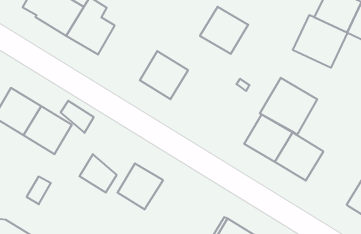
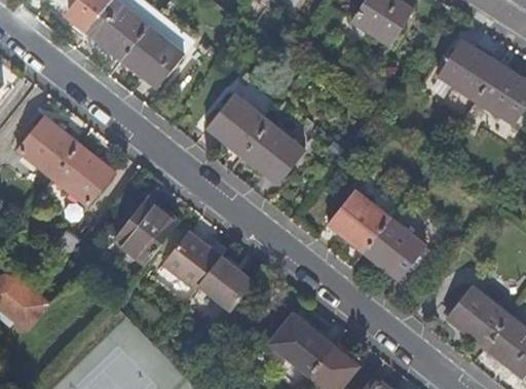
building: [200,7,248,54] -> [242,122,305,184]
building: [293,15,348,68] -> none
building: [260,78,317,134] -> none
building: [61,101,94,133] -> [136,199,177,242]
building: none -> [195,257,251,312]

